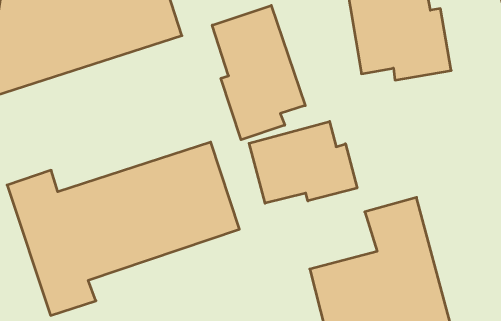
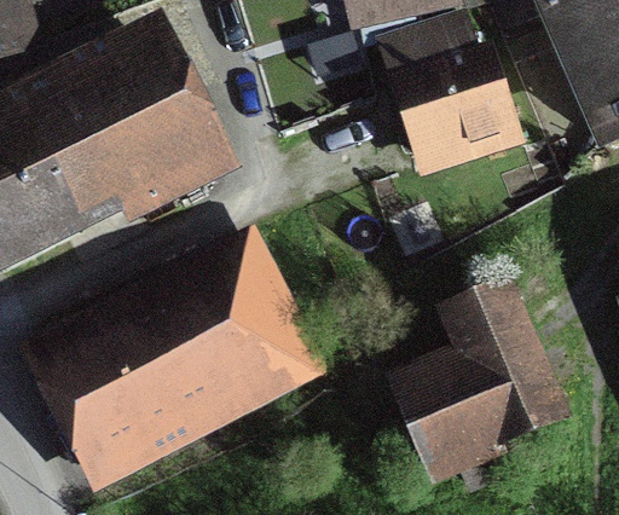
building: [212,5,305,140] -> none
building: [249,121,357,203] -> none

